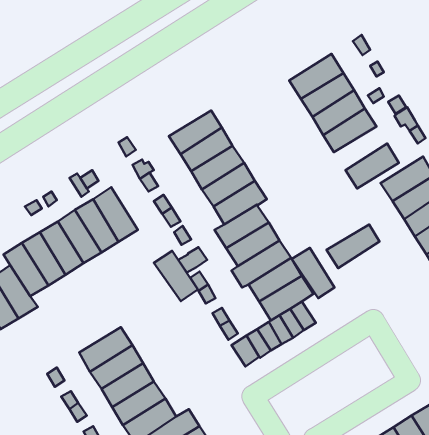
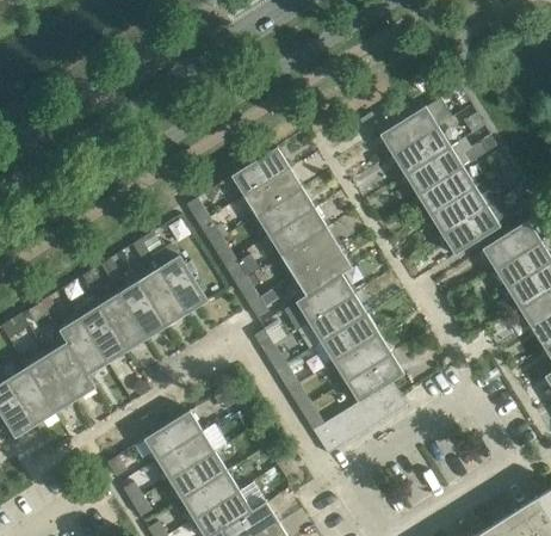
building: none -> [230,146,291,196]
building: [326,224,380,268] -> [428,185,488,234]
building: [292,248,334,298] -> none
building: [154,251,198,301] -> none

